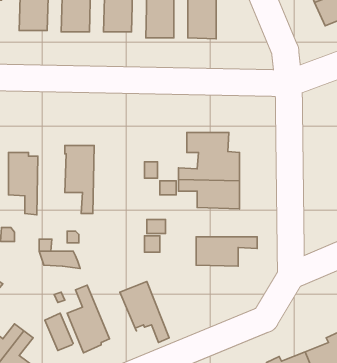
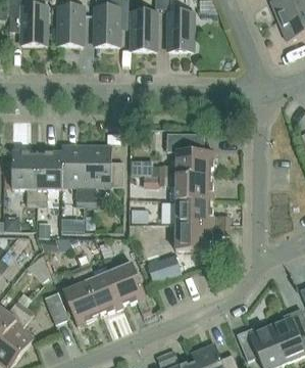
building: none -> [86,144,123,203]
building: none -> [37,151,62,204]
building: none -> [175,198,228,224]
building: none -> [148,254,182,282]
building: none -> [81,262,123,313]

